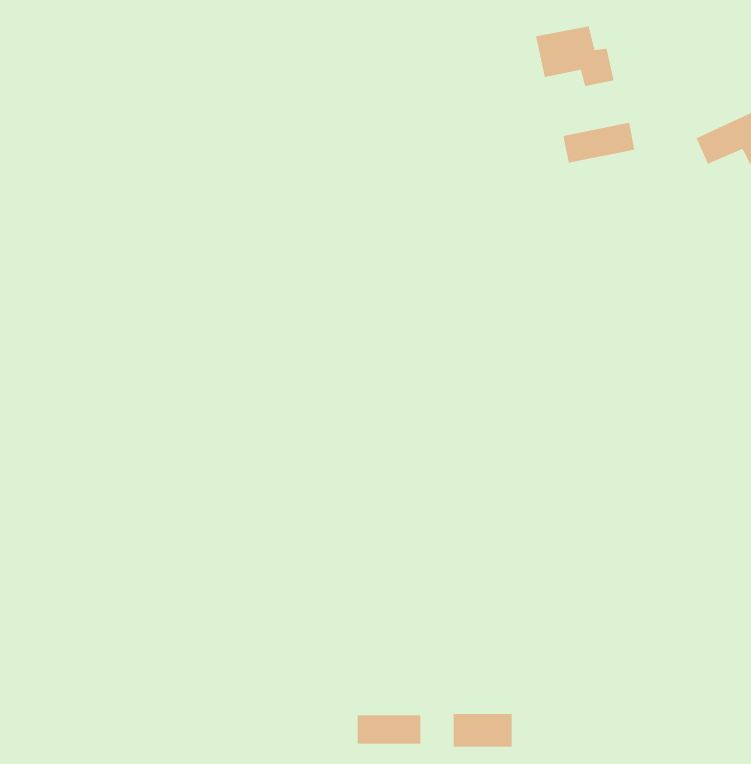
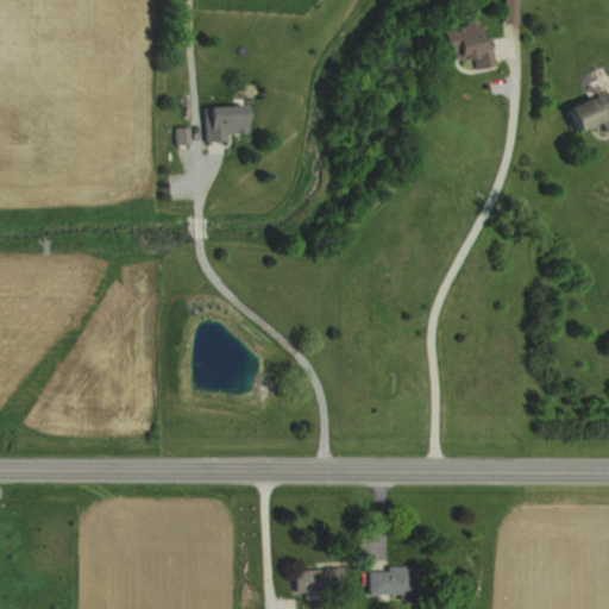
building: [563,122,635,163] -> none
building: none -> [209,107,250,142]

